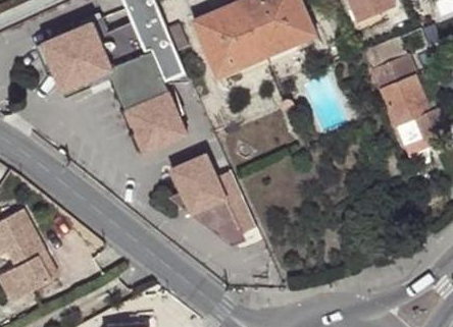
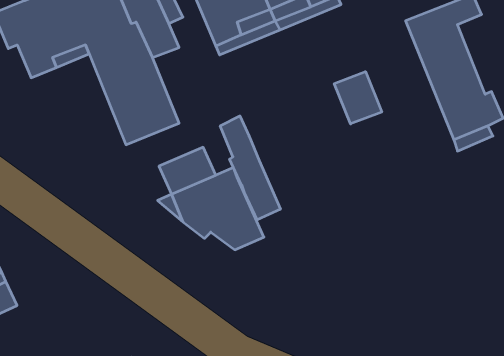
building: none -> [334,72,382,124]
building: none -> [220,116,280,220]

